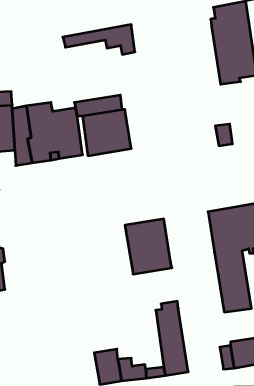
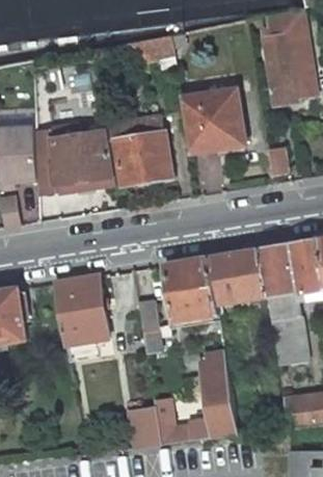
building: none -> [183,89,246,152]
building: none -> [210,249,268,314]
building: none -> [55,275,109,344]
building: none -> [139,299,171,353]

